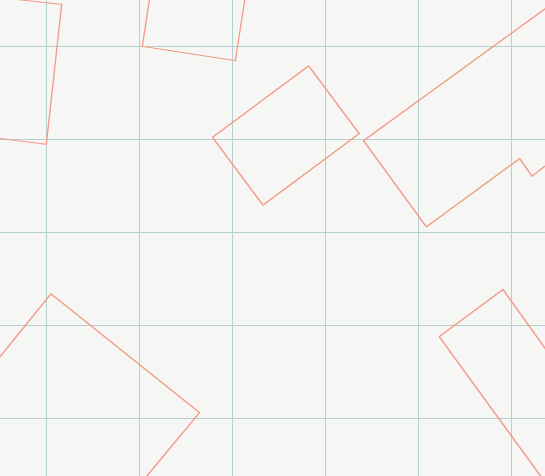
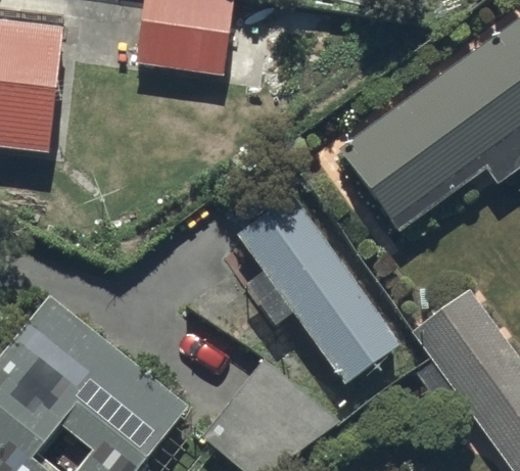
building: [213,66,359,205] -> none
building: none -> [233,190,400,382]

